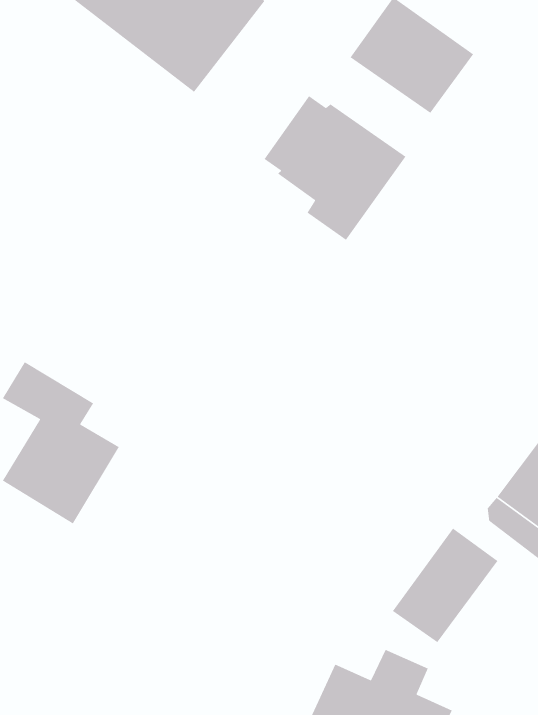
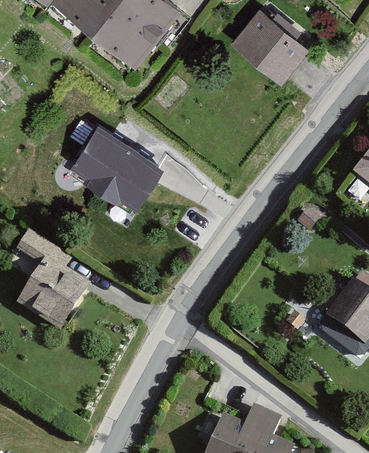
building: [263,95,406,241] -> none
building: none -> [68,130,159,212]
building: [392,527,499,643] -> none

